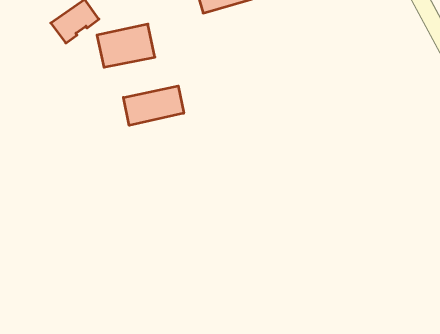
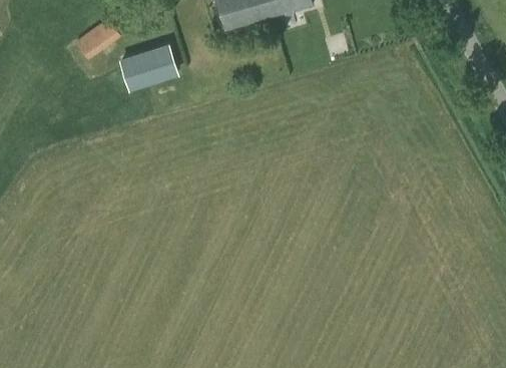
building: [123,86,184,125] -> none

